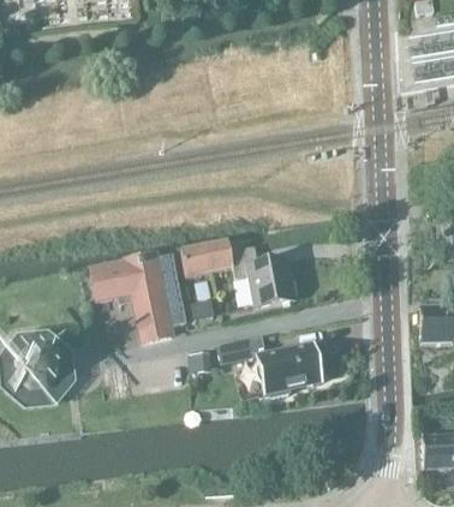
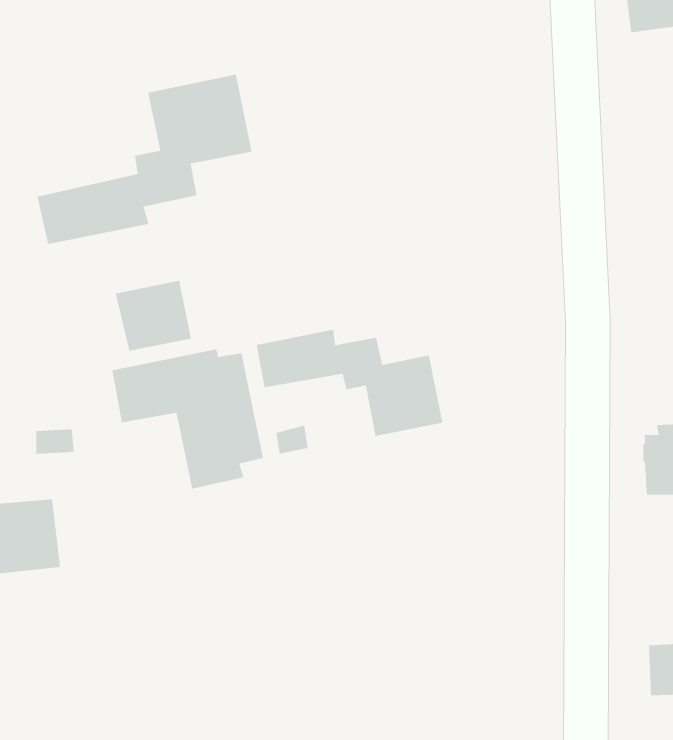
building: none -> [37,74,252,245]
building: none -> [115,280,192,352]
building: [219,336,322,395] -> none

